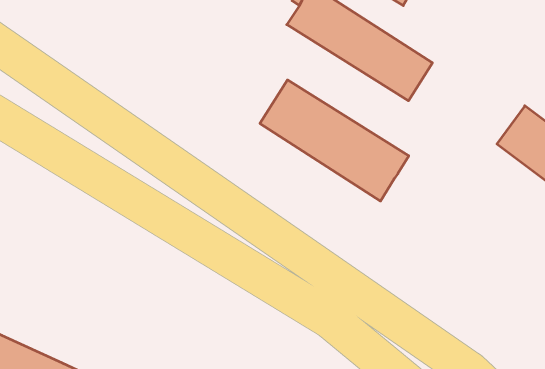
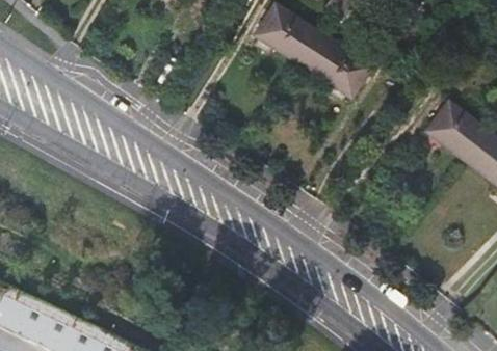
building: [260,80,409,201] -> none

